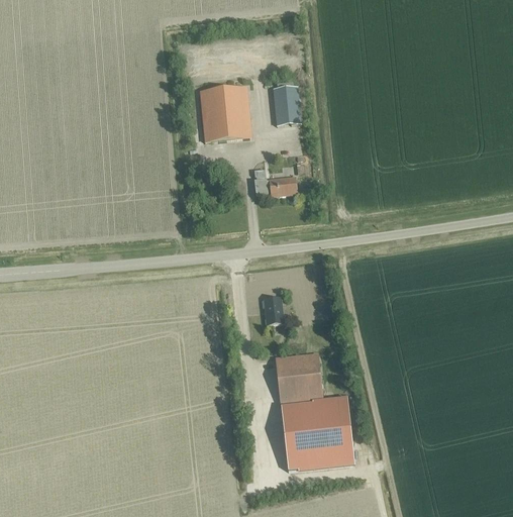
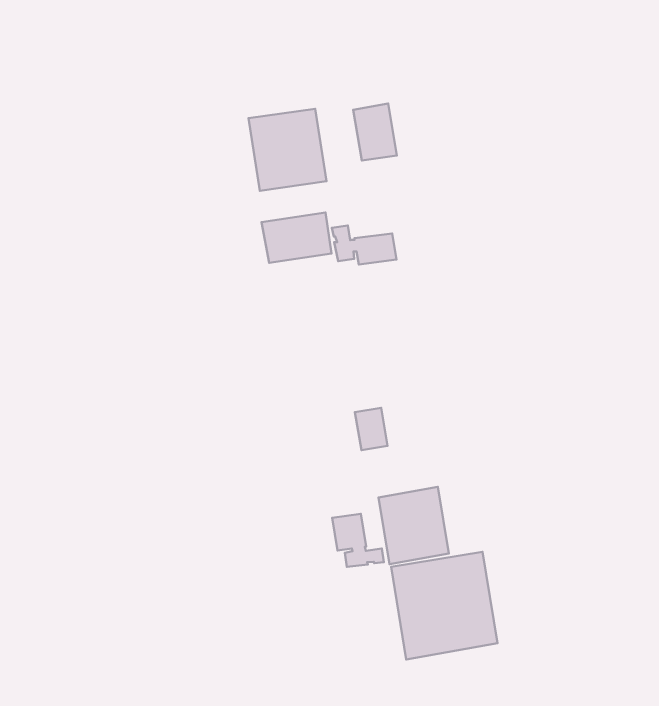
building: none -> [262,212,331,263]
building: none -> [332,514,384,567]

